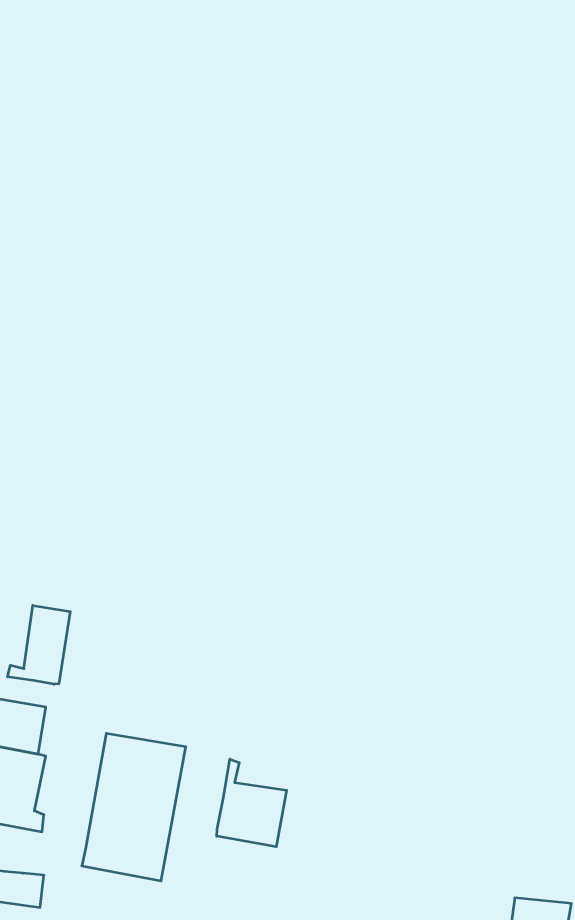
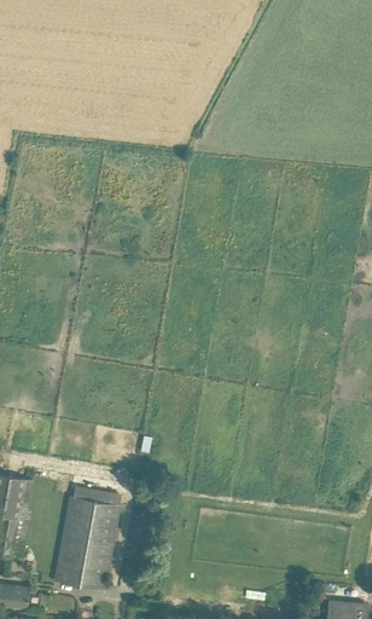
building: [8,605,70,684] -> none
building: [217,759,287,847] -> none

